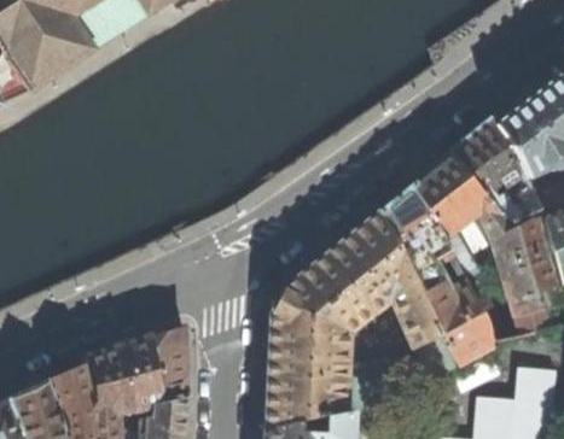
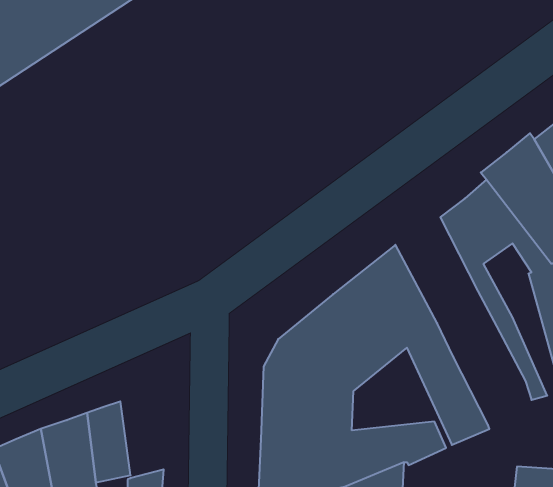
building: [379,183,493,362] -> none
building: [150,330,186,406] -> none

